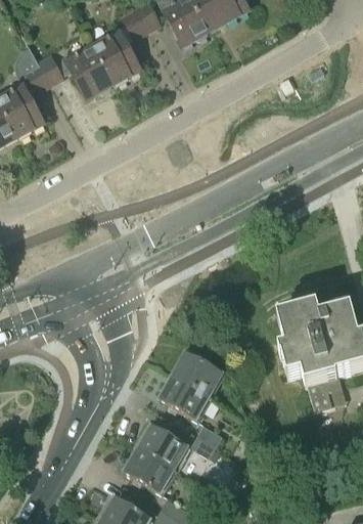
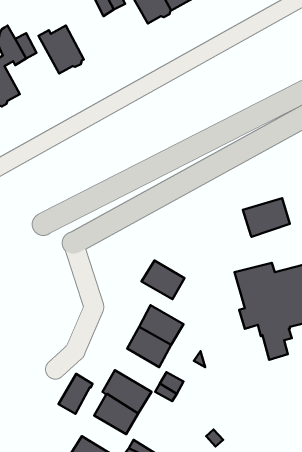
building: [94,29,140,84] -> none
building: none -> [243,198,290,237]
building: none -> [141,261,184,299]
building: none -> [58,374,93,414]

